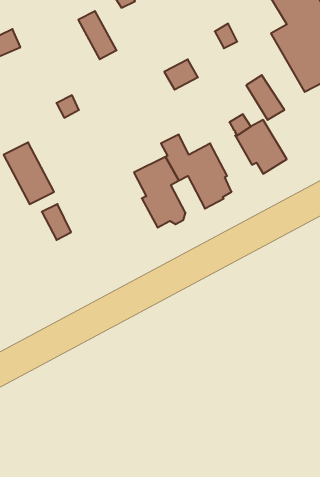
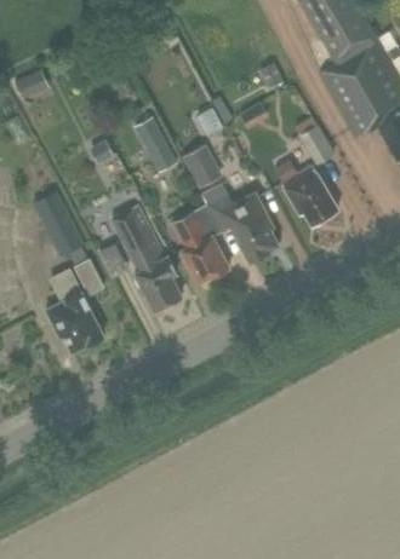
building: [78,11,117,59] -> [133,116,175,168]
building: none -> [181,144,221,186]
building: none -> [112,204,181,310]
building: none -> [46,269,102,350]

